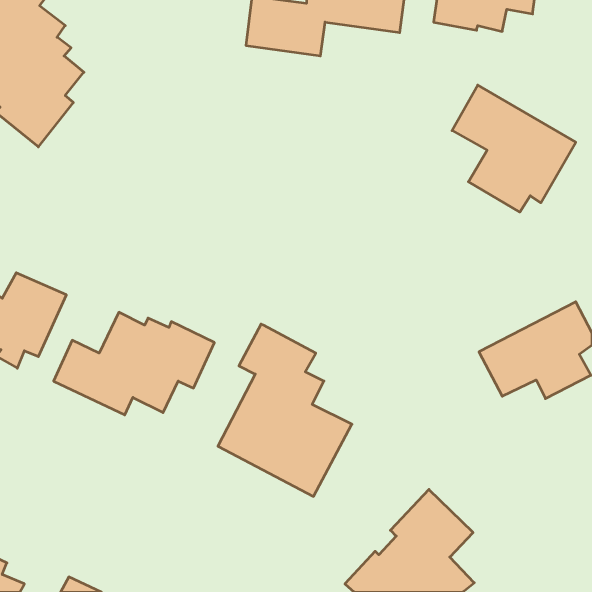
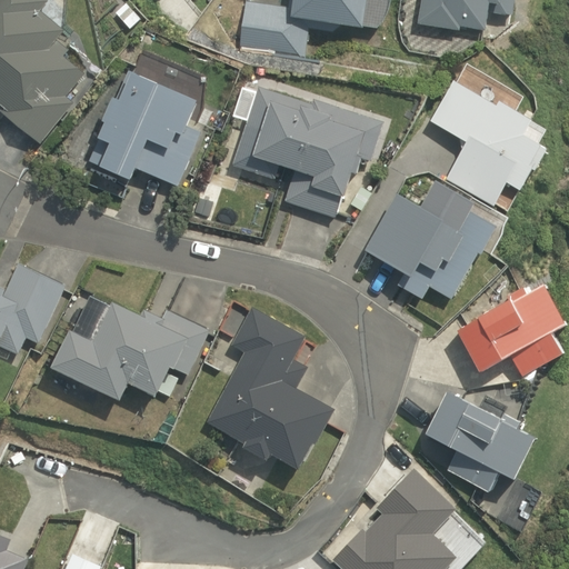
building: none -> [83,62,200,182]
building: none -> [242,82,371,221]
building: none -> [367,184,496,306]
building: none -> [425,389,539,496]

